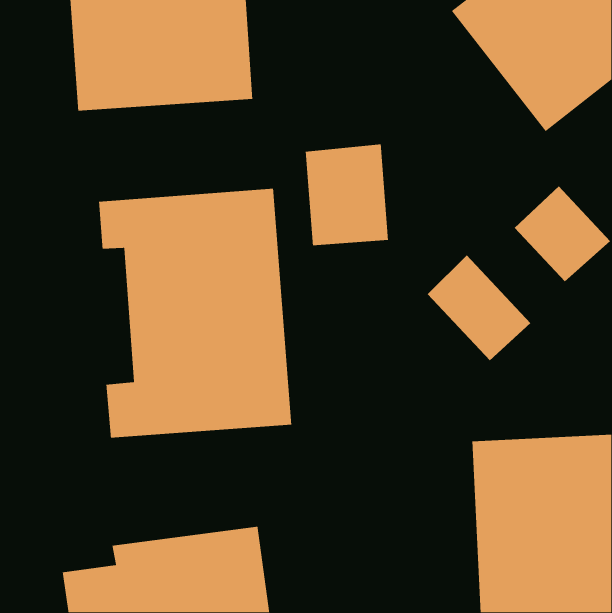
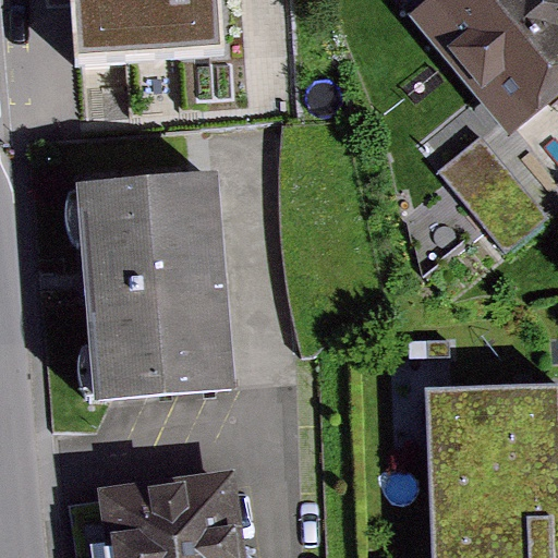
building: [305,144,389,246] -> none
building: [427,255,531,361] -> none

